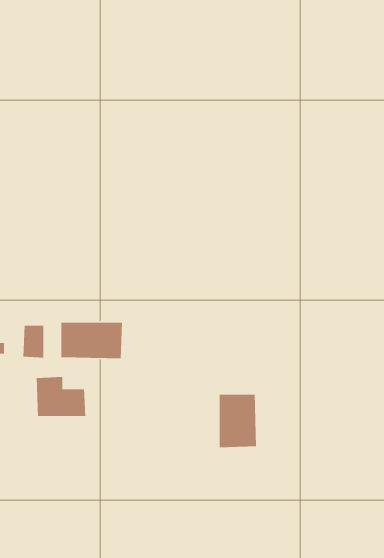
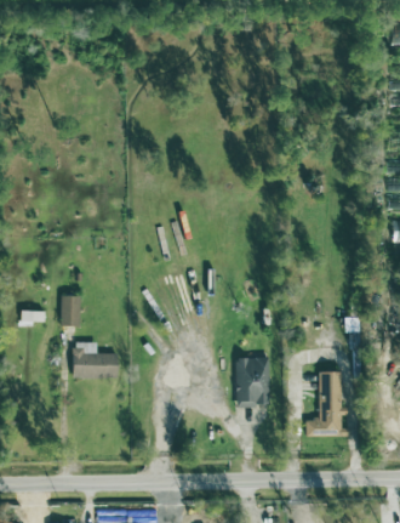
building: [60,322,123,359] -> none
building: none -> [307,370,345,436]

